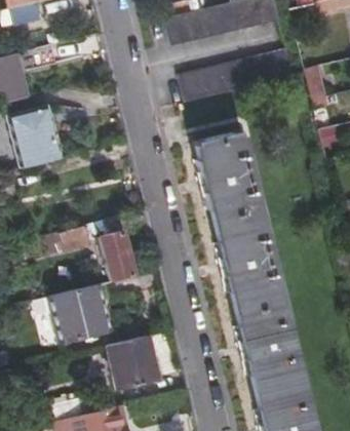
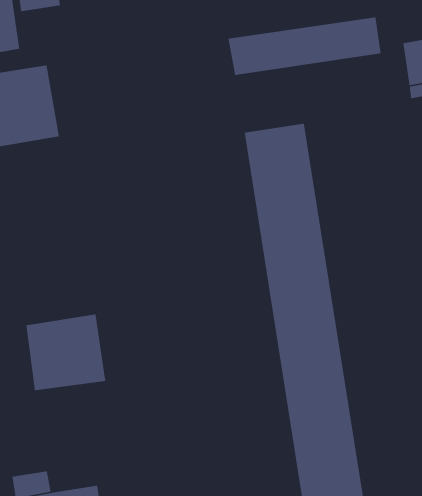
building: [95,217,133,281] -> none
building: [46,225,90,254] -> none
building: [107,334,160,390] -> none

